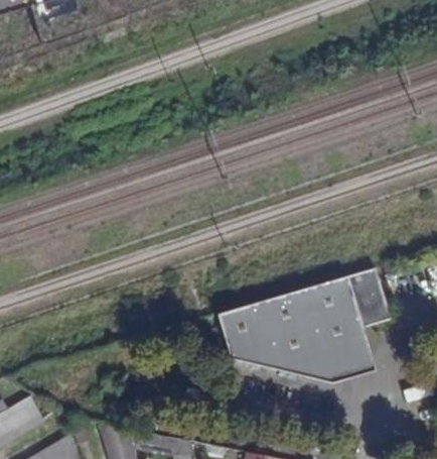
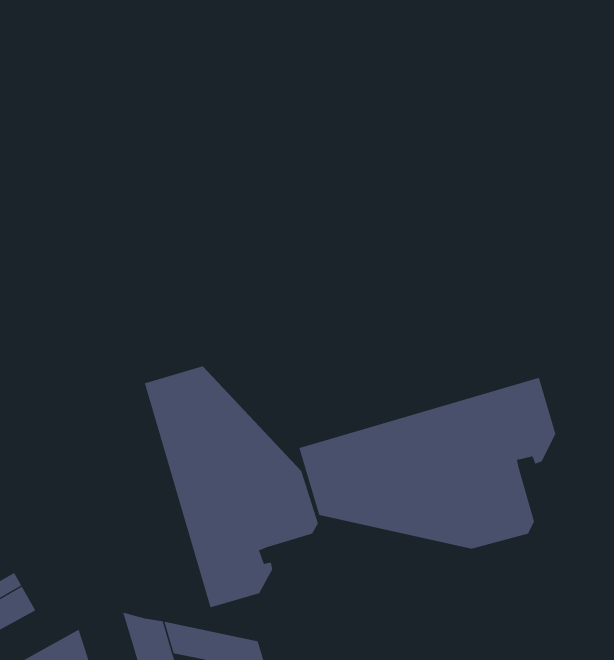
building: none -> [144,366,318,608]

